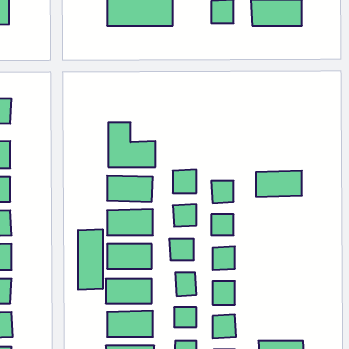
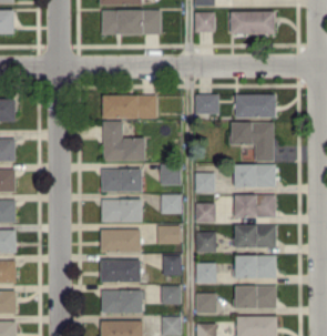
building: none -> [235,93,276,118]
building: none -> [195,94,218,114]
building: none -> [102,95,156,119]
building: none -> [231,122,273,162]
building: none -> [234,194,276,217]
building: [78,229,103,290] -> none
building: none -> [235,225,276,247]
building: none -> [235,255,276,278]
building: none -> [235,285,276,308]

